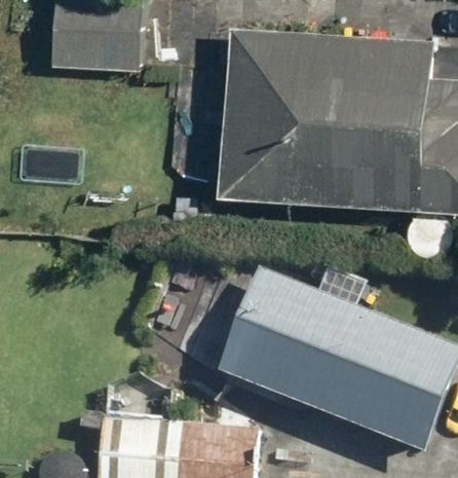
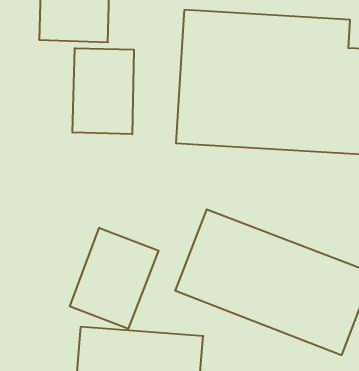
building: none -> [73,48,134,134]
building: none -> [70,228,159,329]

